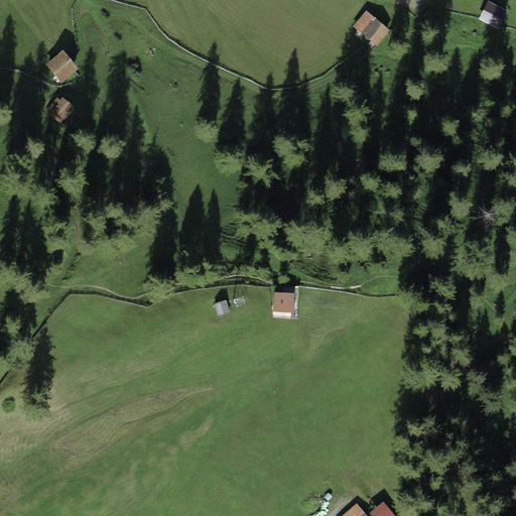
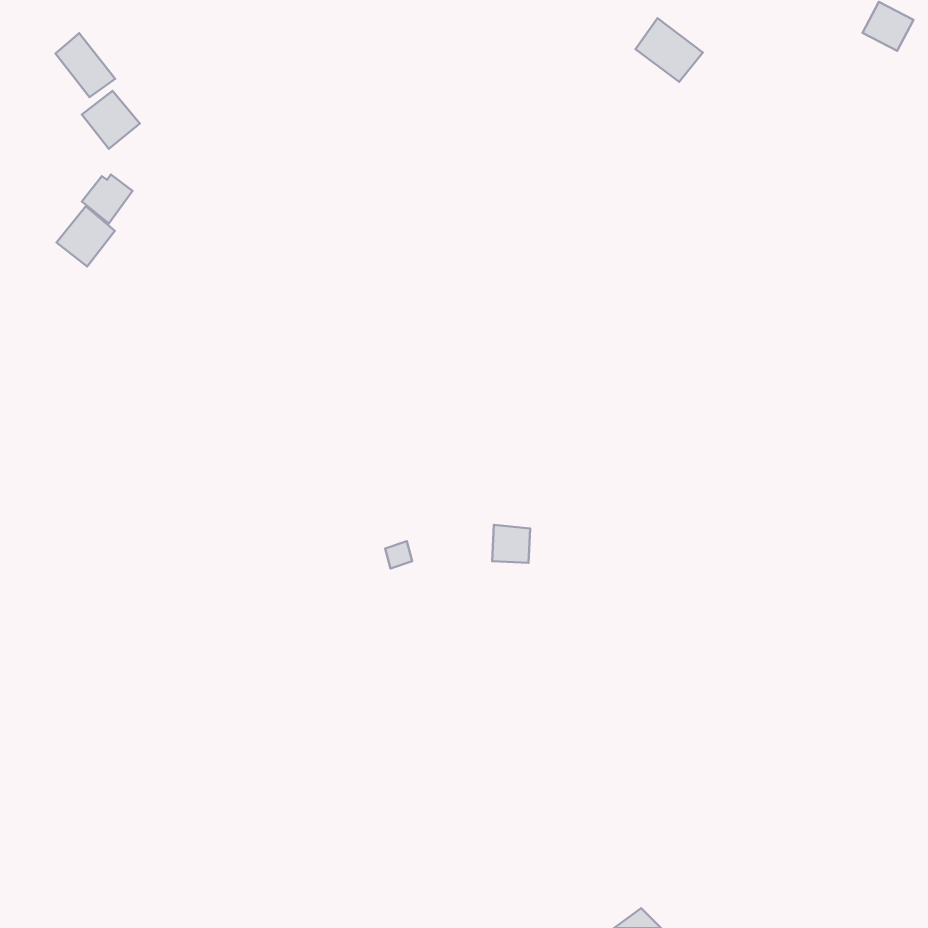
building: none -> [55,33,115,97]
building: none -> [57,206,115,266]

